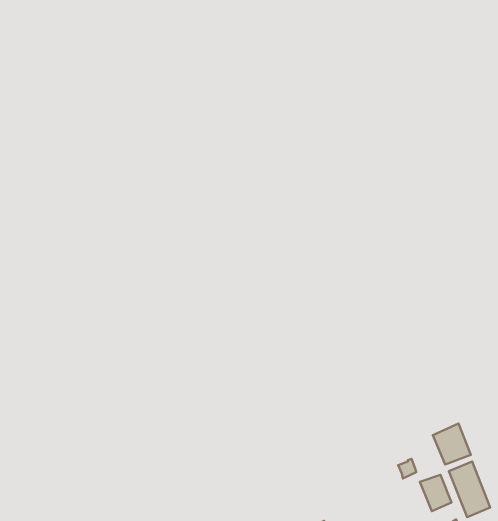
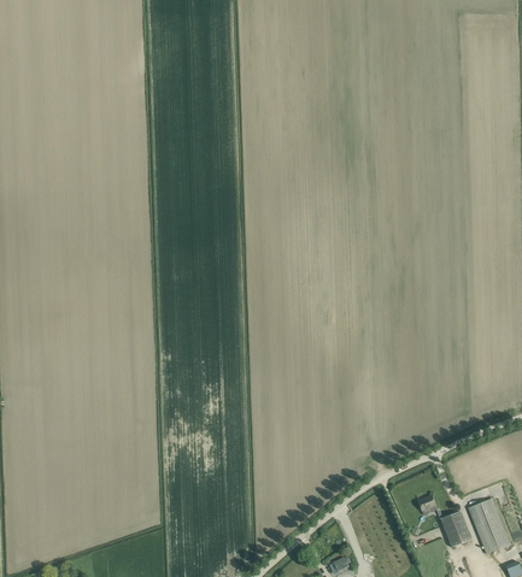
building: [433,424,471,464] -> none

